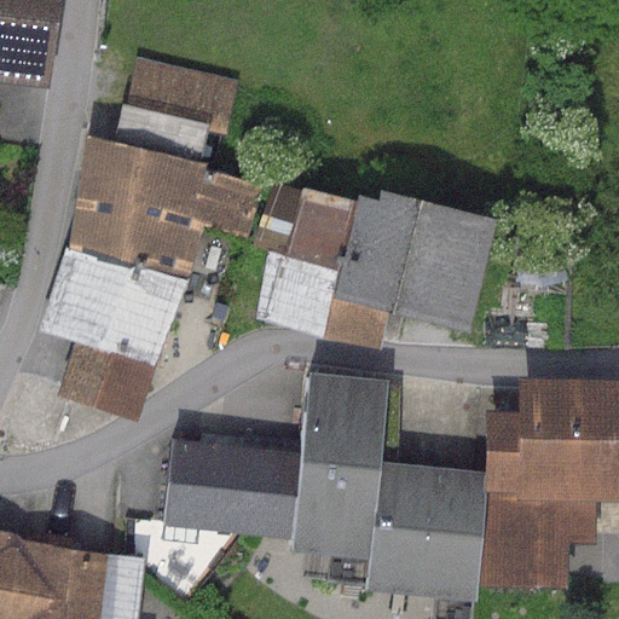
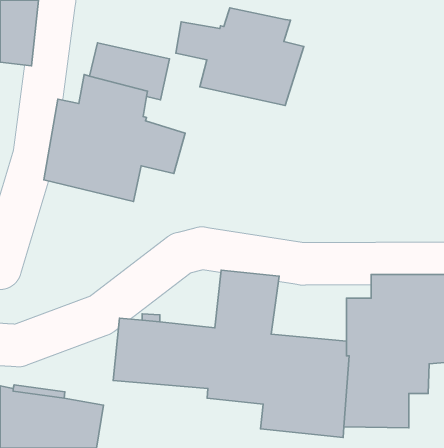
building: none -> [176,8,304,106]
building: [259,181,498,348] -> none
building: [36,248,190,422] -> none

